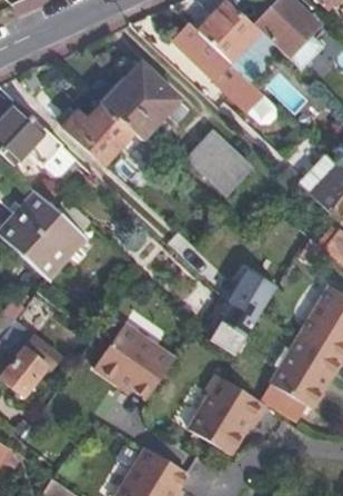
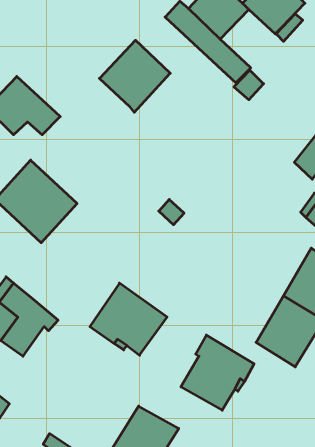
building: [65,106,135,167] -> none
building: [186,130,253,196] -> none
building: [210,274,274,356] -> none

